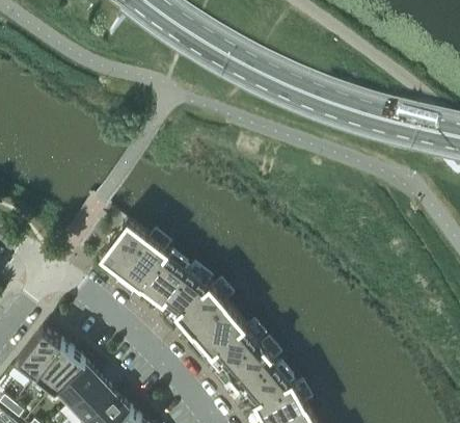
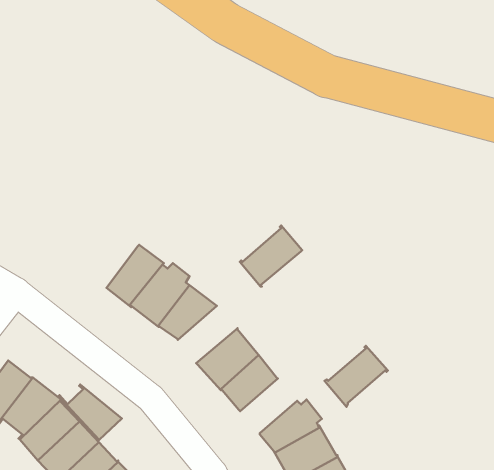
building: [102,222,148,272] -> none
building: [178,285,227,334] -> [240,225,302,286]
building: [226,343,277,392] -> [324,346,388,407]
building: none -> [58,384,122,440]

